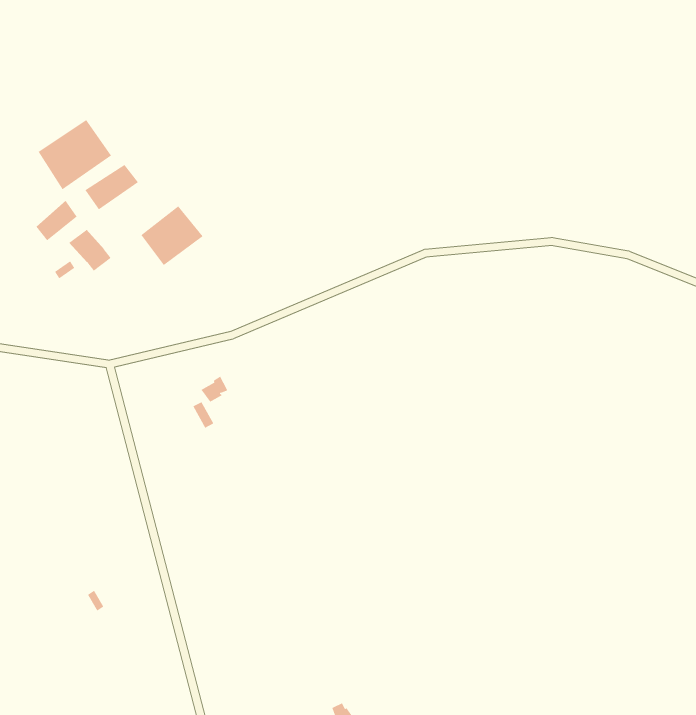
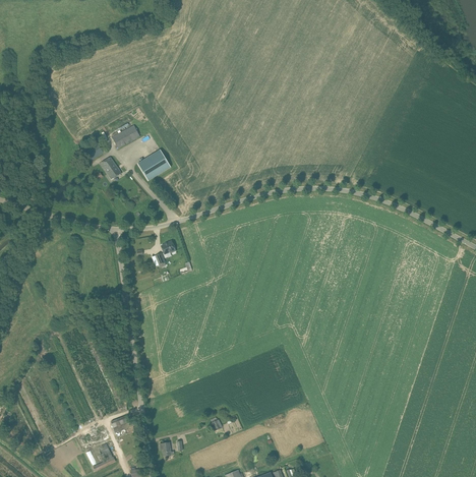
building: [38,119,112,190] -> none

